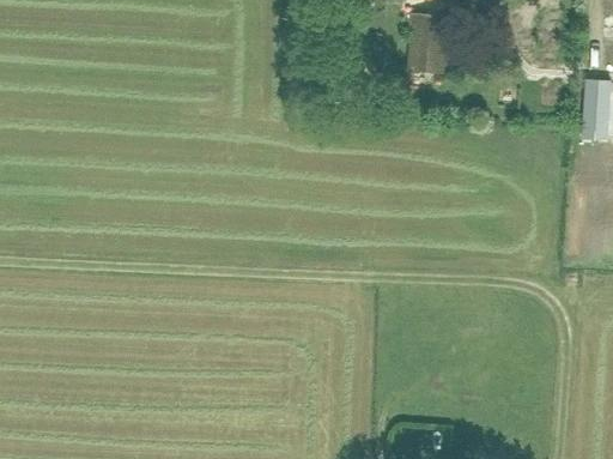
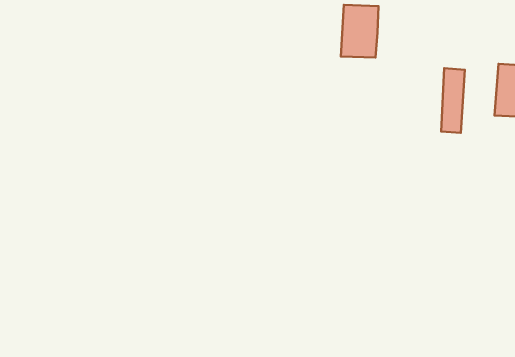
building: none -> [441,68,465,133]

